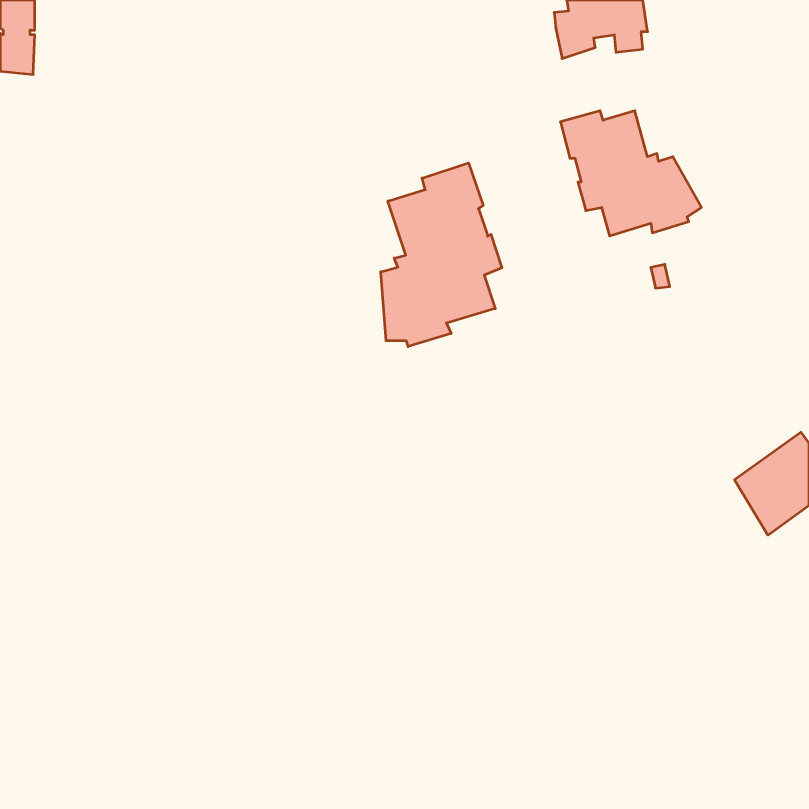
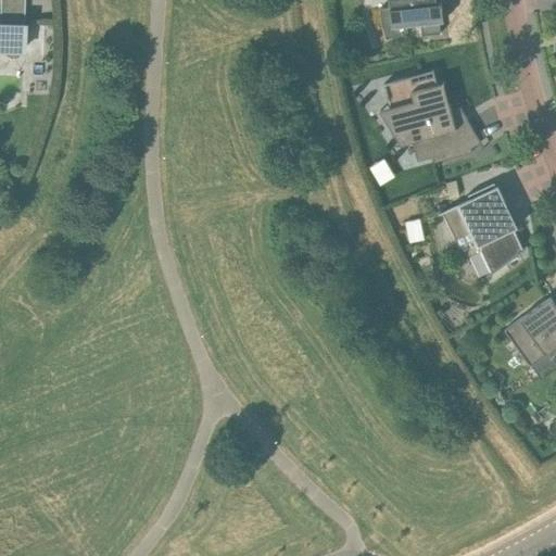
building: [381,163,502,347] -> none
building: none -> [439,182,528,276]

